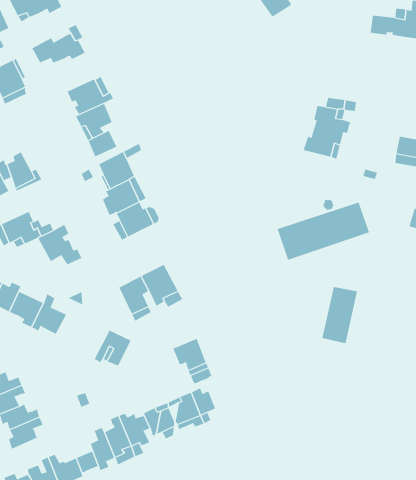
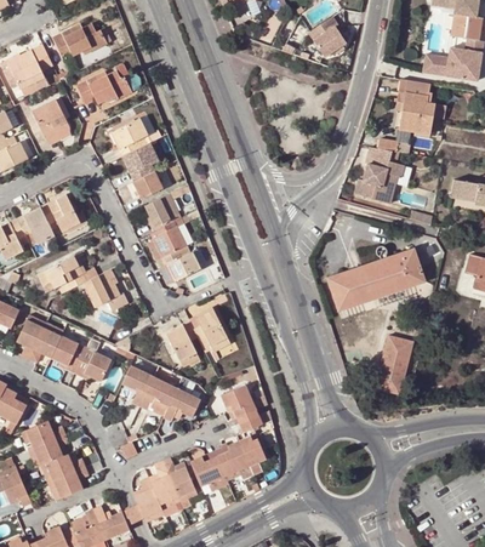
building: none -> [395,78,447,131]
building: none -> [122,366,155,409]
building: none -> [164,389,201,423]

